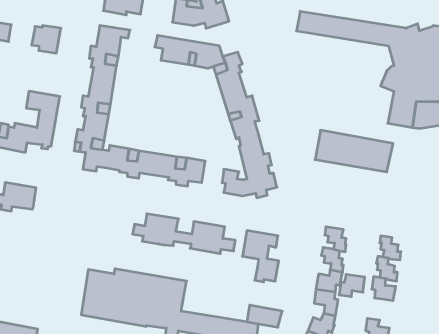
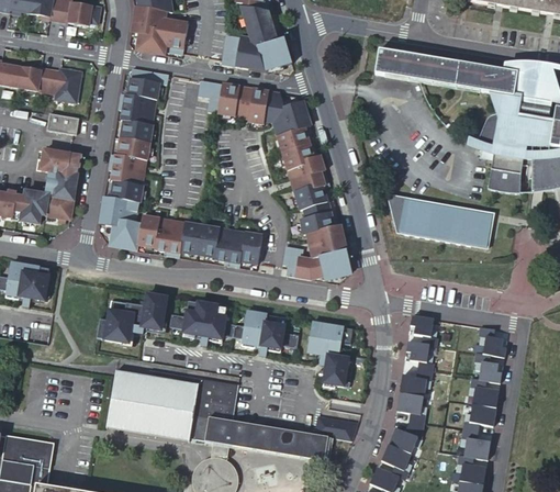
building: none -> [18,66,51,91]
building: none -> [45,111,79,133]
building: none -> [99,293,168,342]
building: [339,274,365,297] -> [462,404,494,432]

